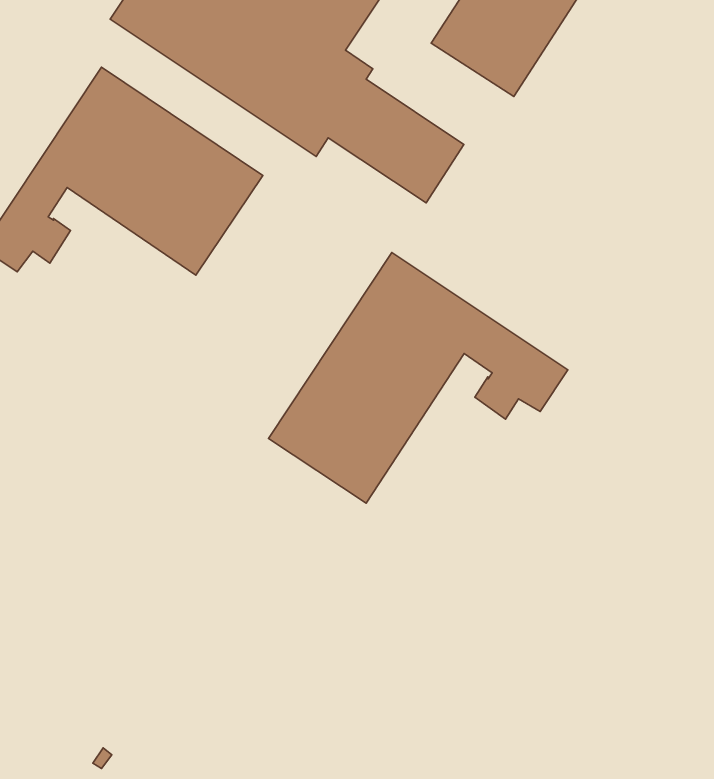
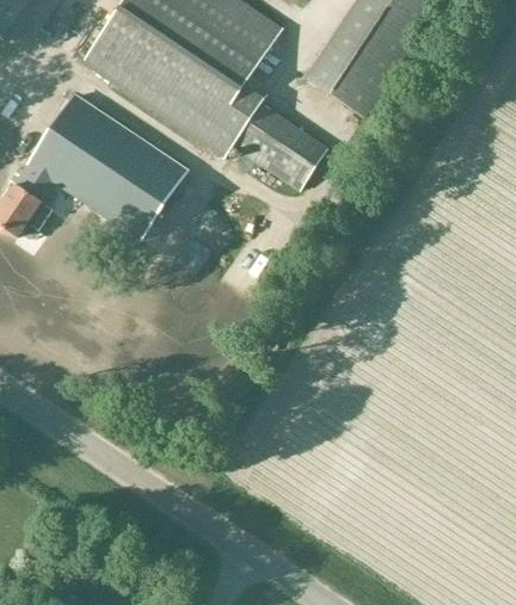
building: [268,253,568,503] -> none

